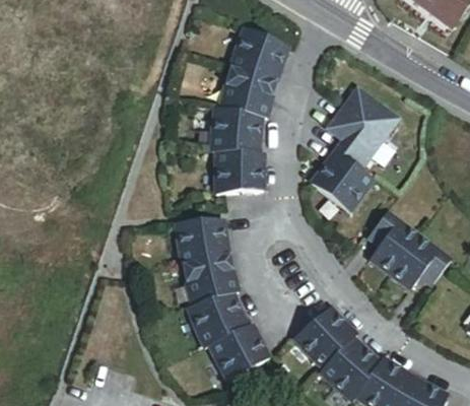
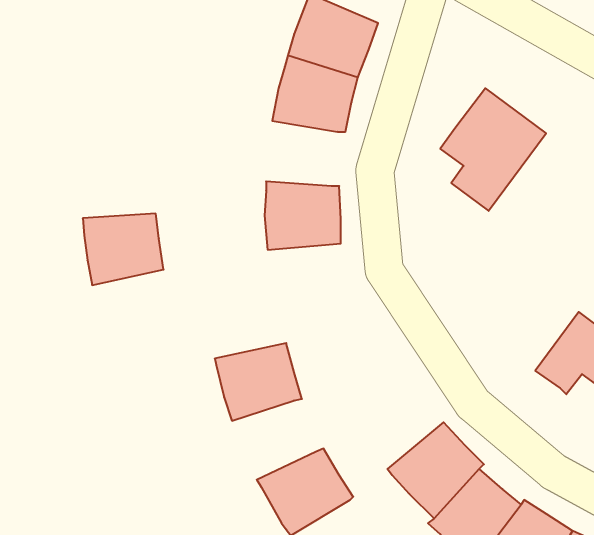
building: [210,110,262,153] -> none
building: [312,151,374,212] -> none
building: [368,211,419,274] -> none
building: [176,219,228,266] -> [83,214,164,285]
building: [188,293,248,347] -> none

